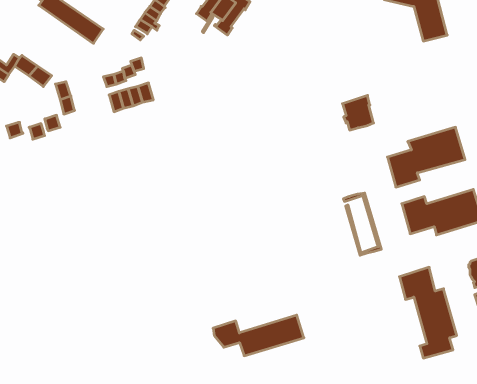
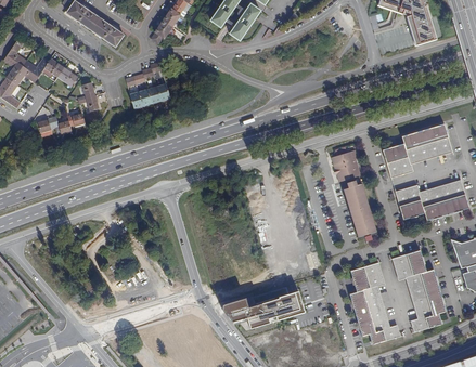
building: [342,95,374,130] -> [332,149,360,181]
building: none -> [344,184,374,236]
building: none -> [350,262,399,344]

